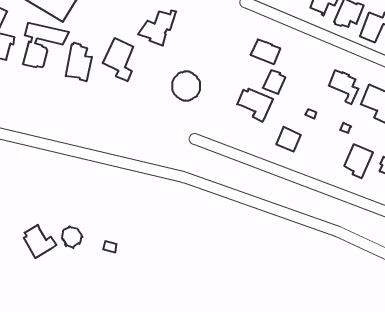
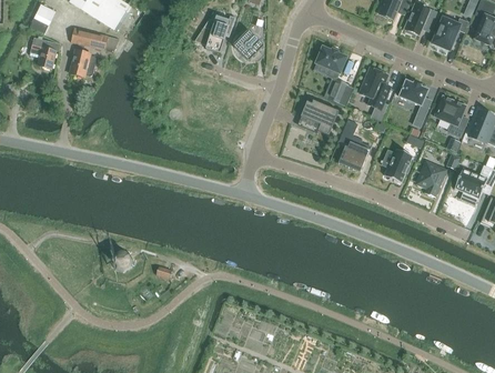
building: [103,38,133,81] -> none
building: [66,43,92,81] -> none
building: none -> [360,68,392,110]
building: [172,72,200,100] -> [234,30,264,61]
building: none -> [385,149,413,182]
building: [24,225,57,258] -> none

